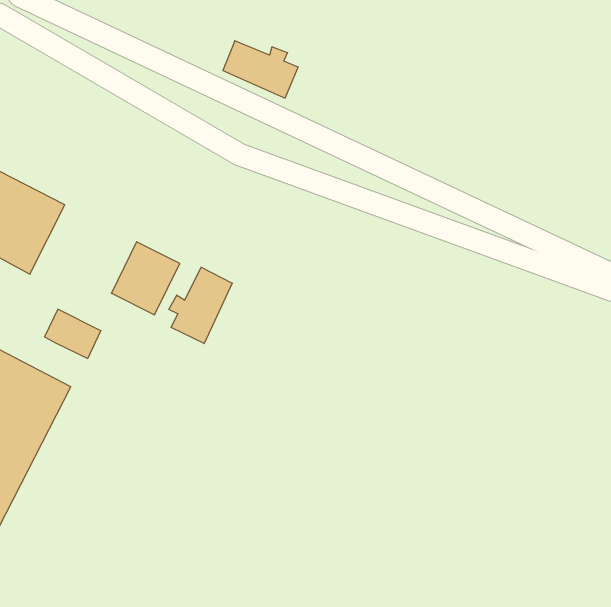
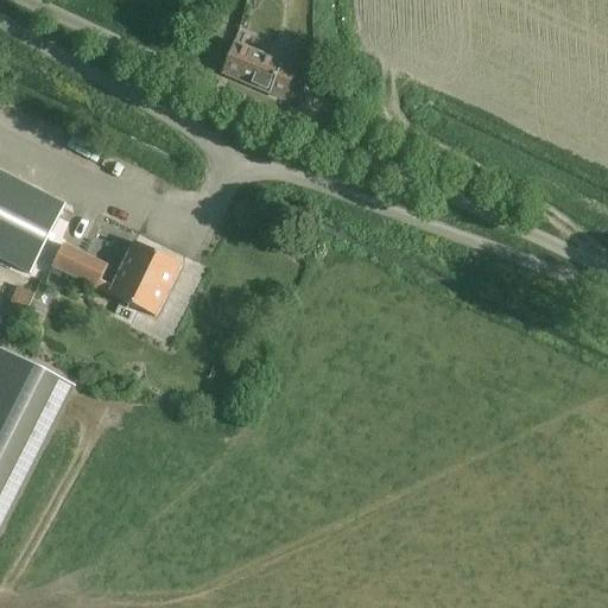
building: [169,267,232,344] -> none
building: [45,309,101,358] -> [52,241,108,290]

